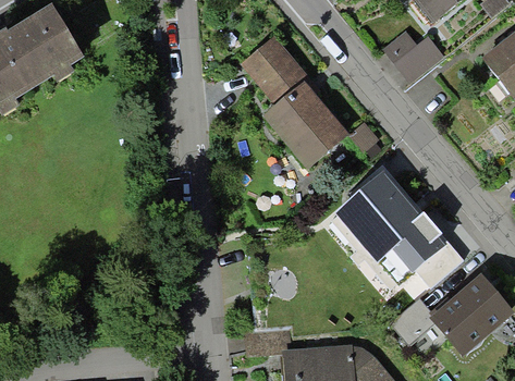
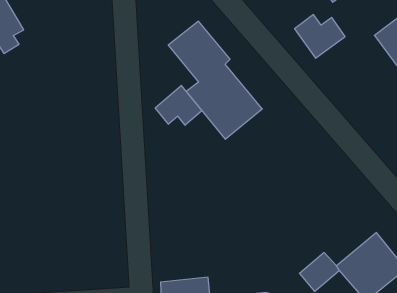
building: none -> [155,85,202,125]
building: [330,162,467,297] -> none

